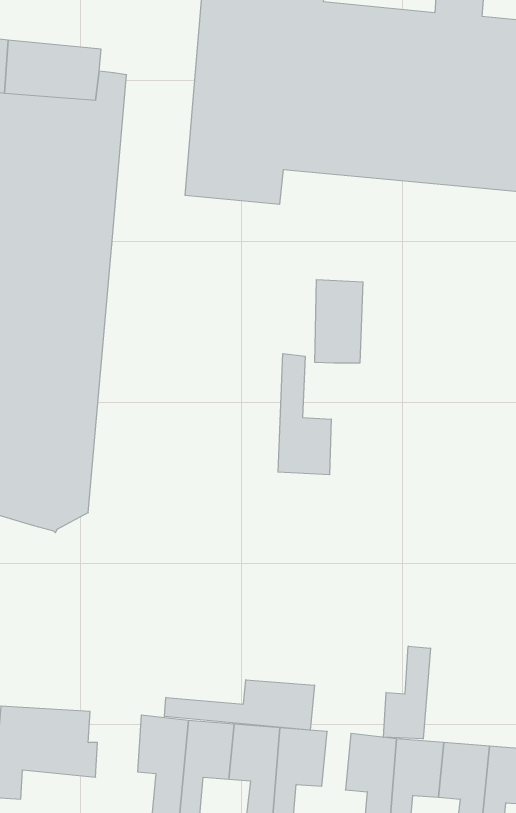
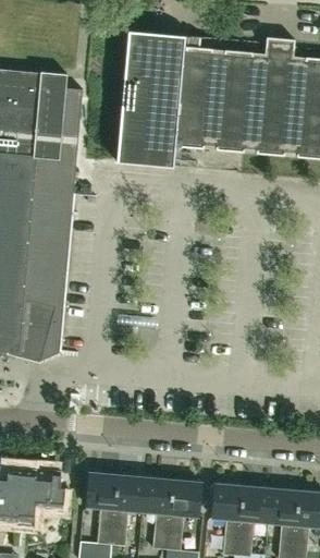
building: [315,280,363,363] -> none
building: [278,354,331,475] -> none
building: [383,646,430,739] -> none
building: [164,680,314,730] -> none

